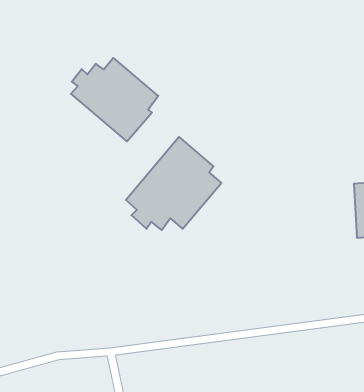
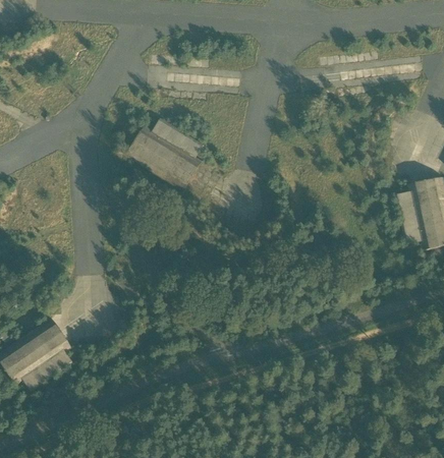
building: [126,137,221,230] -> none

